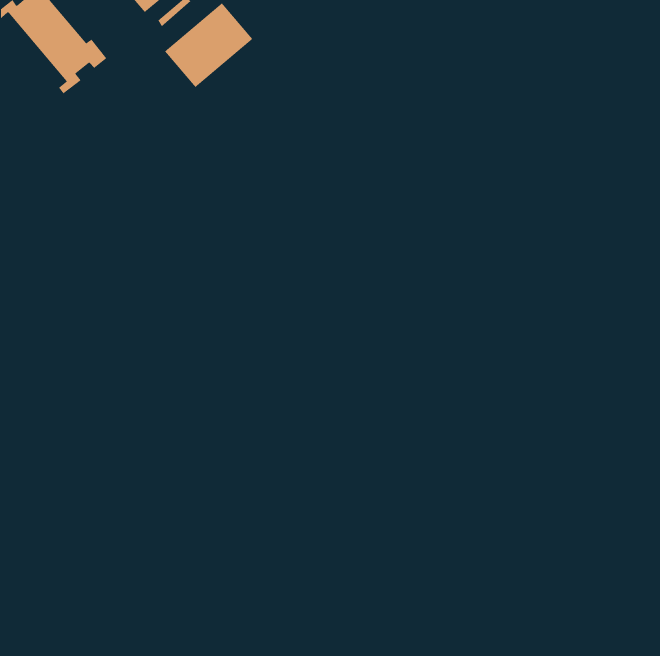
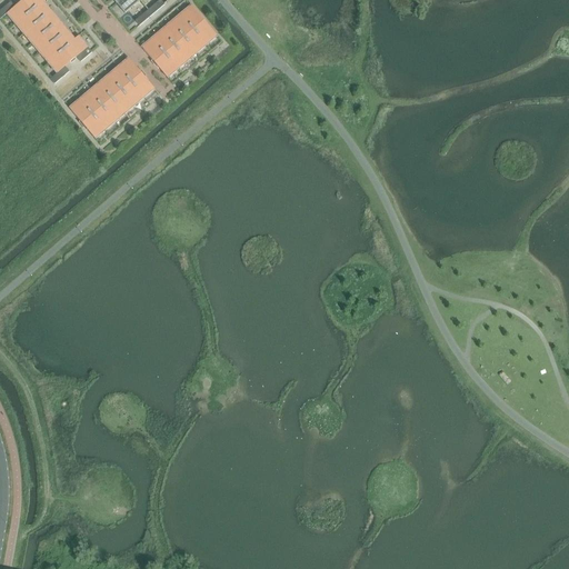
building: none -> [69,56,154,136]

